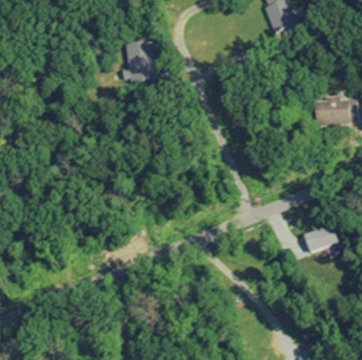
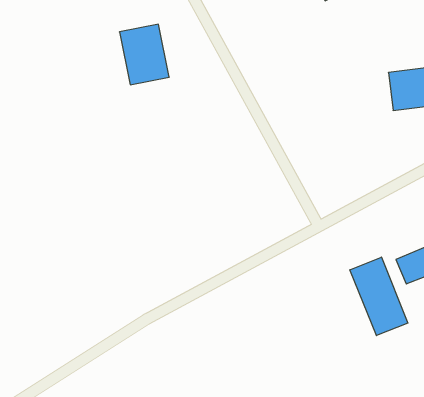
building: none -> [350,257,408,336]

